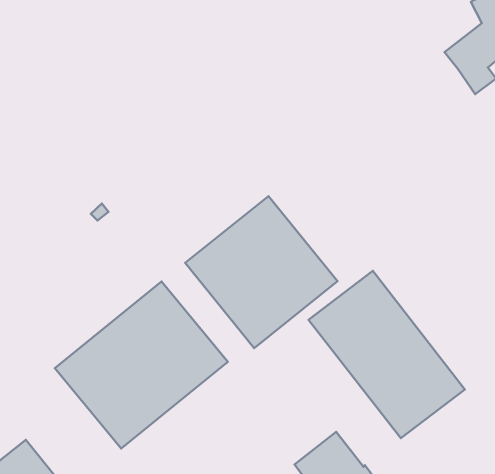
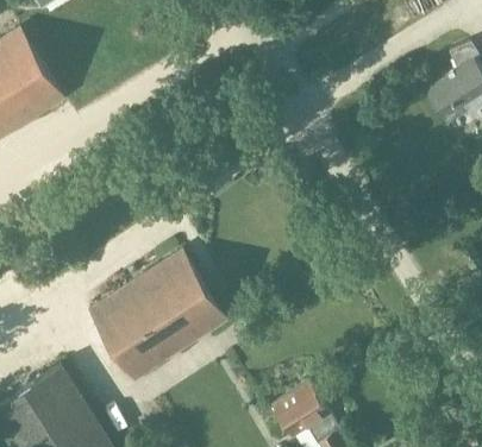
building: [185,196,338,348] -> none
building: [309,271,465,438] -> none

